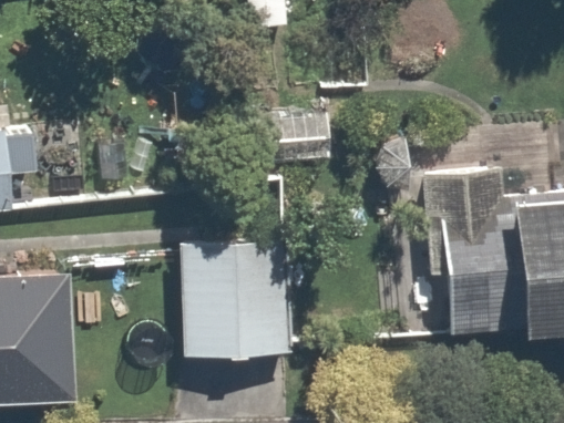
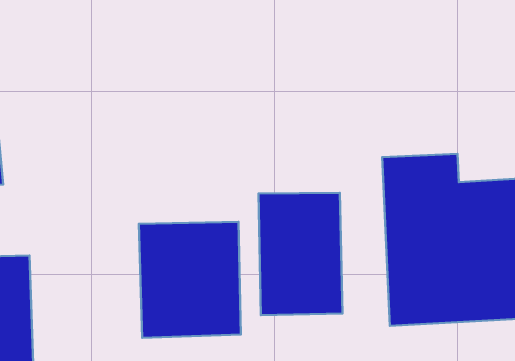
building: none -> [259,193,343,315]

